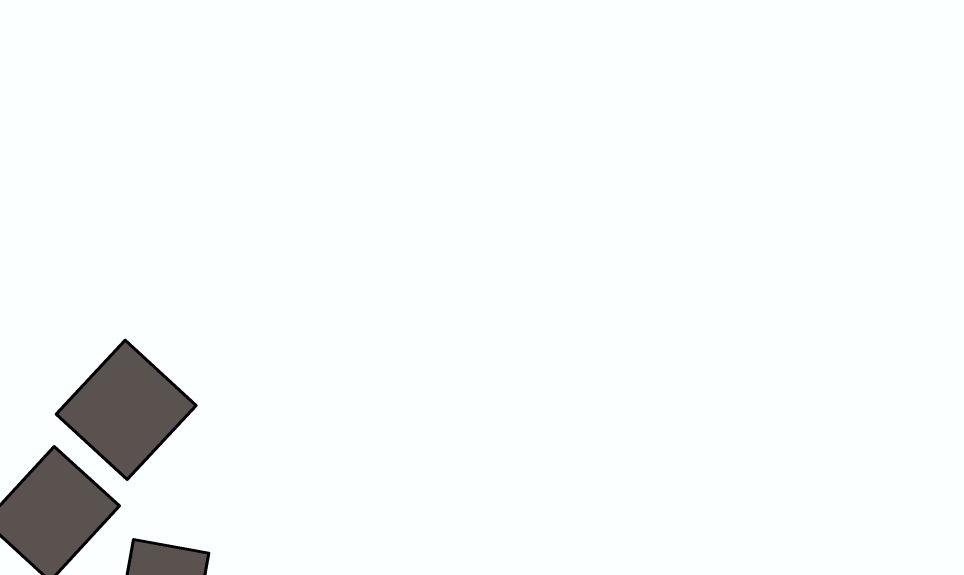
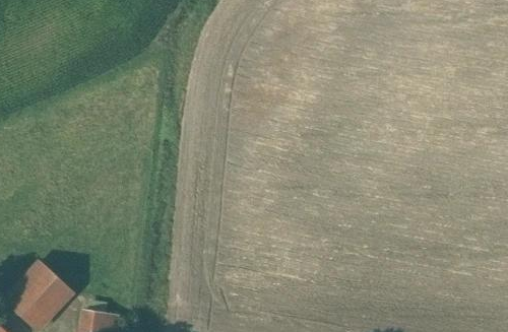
building: [56,340,196,480] -> none

